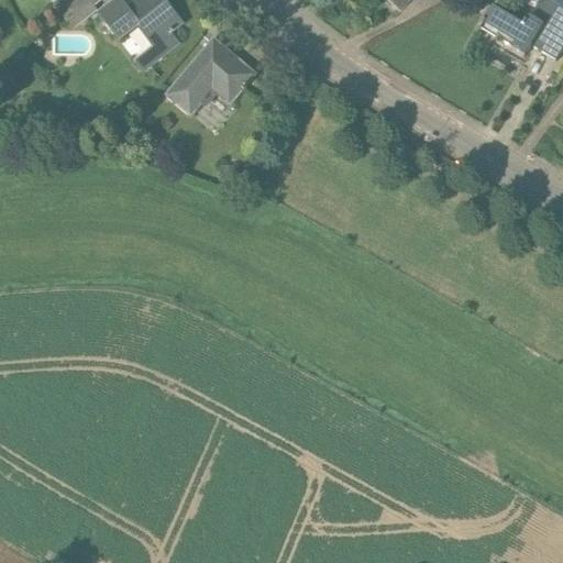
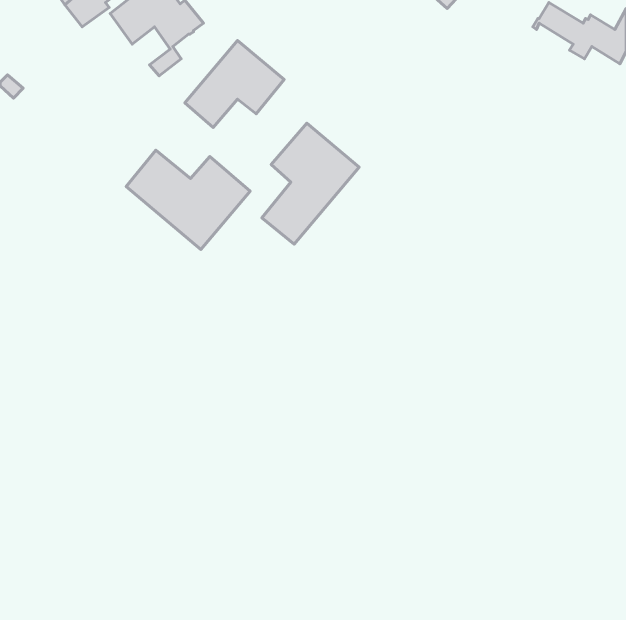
building: none -> [262,123,359,244]
building: none -> [126,150,250,249]

